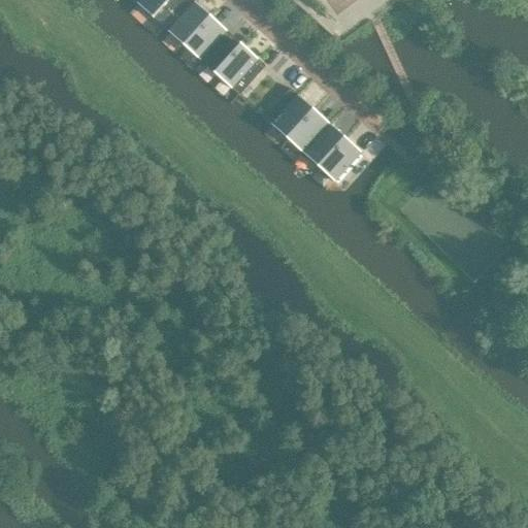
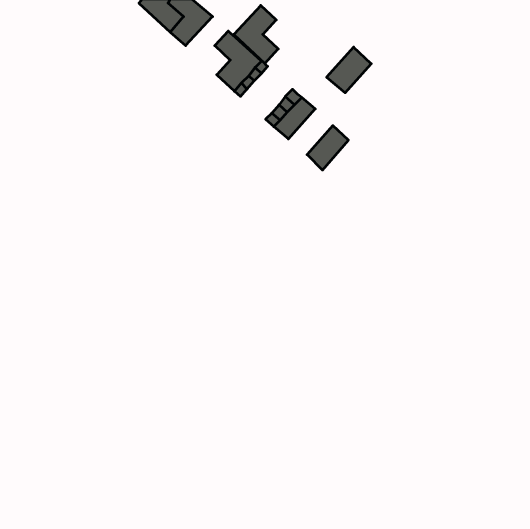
building: [185,16,229,74] -> [234,5,278,63]
building: [287,108,331,154] -> [327,47,371,93]
building: [321,139,361,180] -> none

